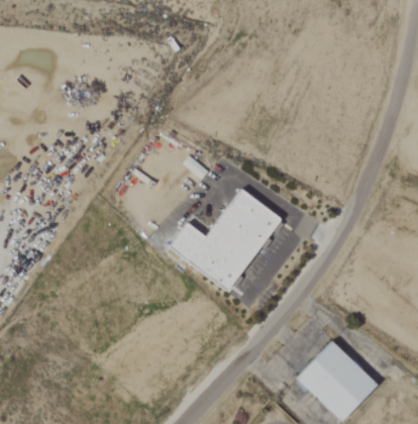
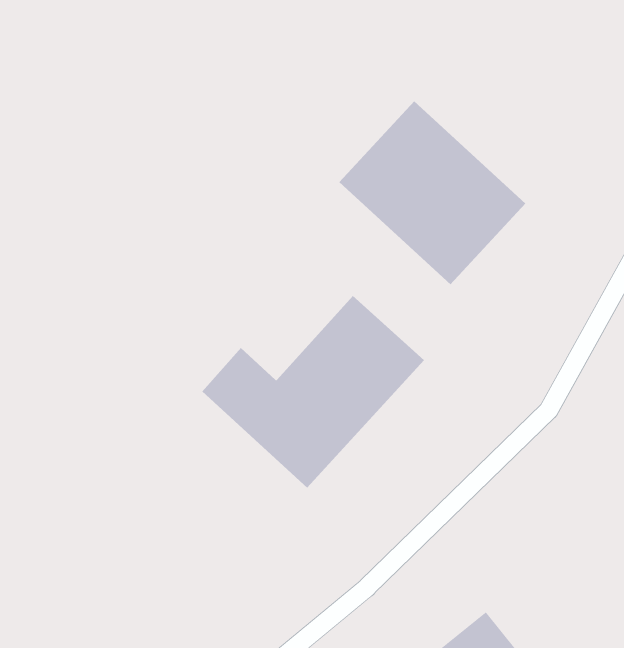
building: none -> [338,101,526,285]

